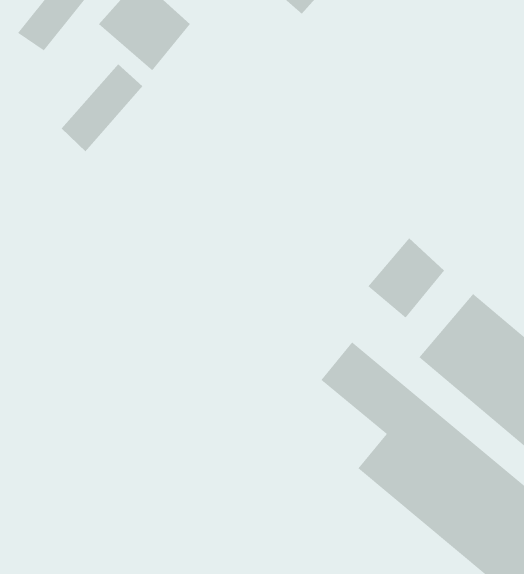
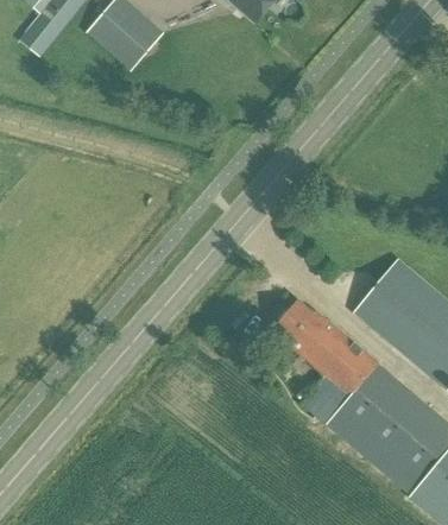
building: [61,64,143,152] -> none
building: [367,238,445,319] -> none

